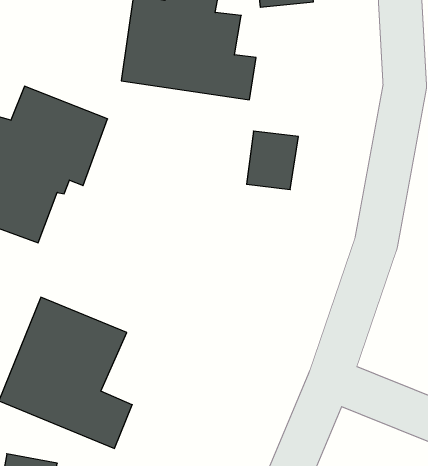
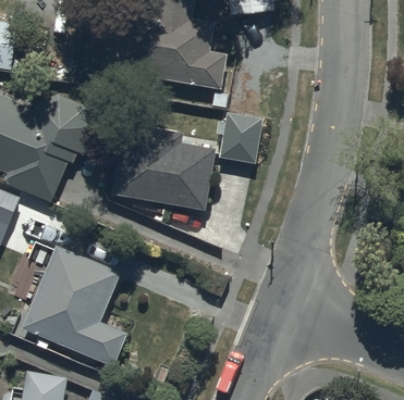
building: none -> [110,118,215,209]

